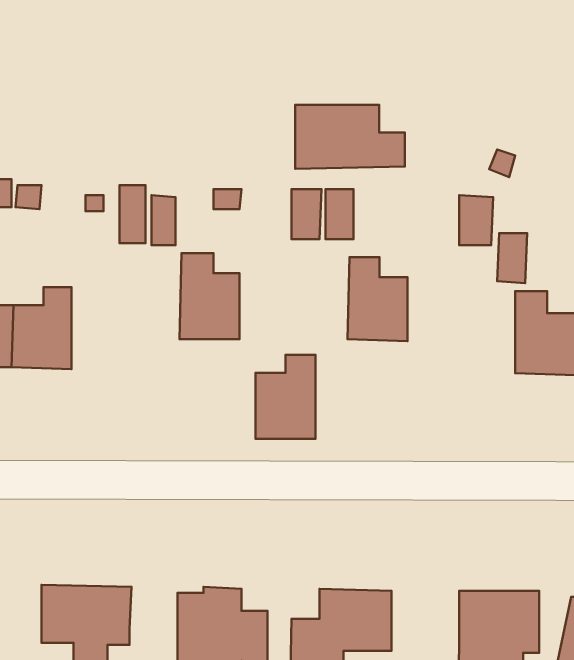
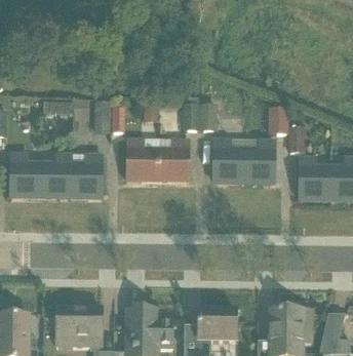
building: [295,105,405,169] -> none
building: none -> [243,139,274,181]
building: none -> [71,153,102,195]
building: [256,355,315,439] -> [157,136,188,180]

